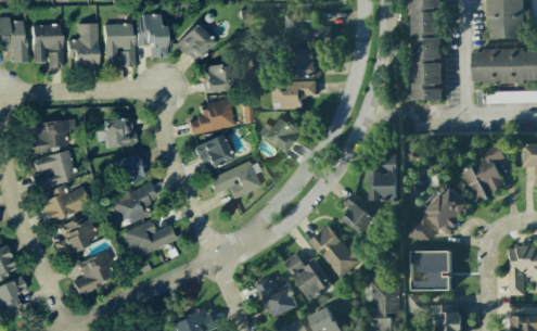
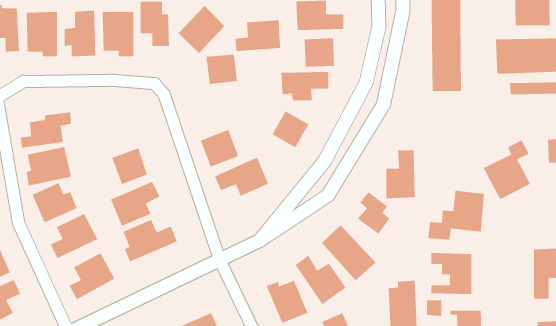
building: [189,101,232,131] -> [235,20,281,52]
building: [102,117,135,148] -> none

